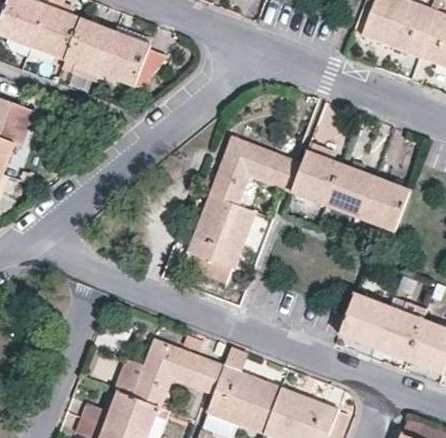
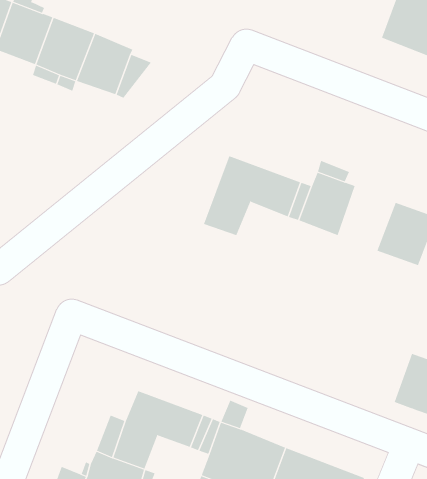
building: [325,162,374,218] -> none
building: [183,195,254,282] -> none
building: [339,292,388,348] -> none

